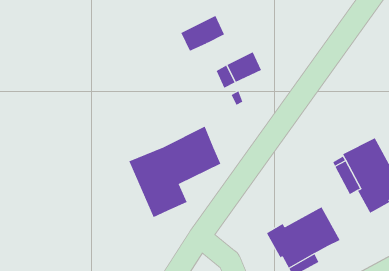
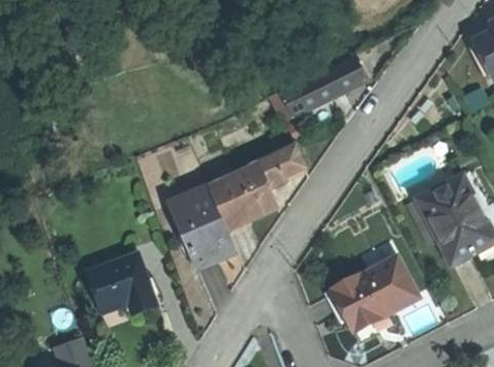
building: [181,15,225,51] -> [315,55,367,97]
building: none -> [259,145,305,188]
building: none -> [88,257,153,313]

